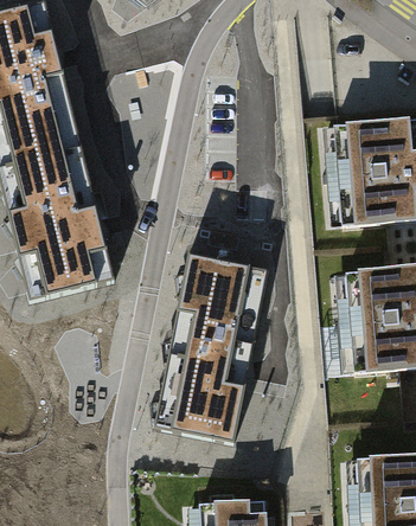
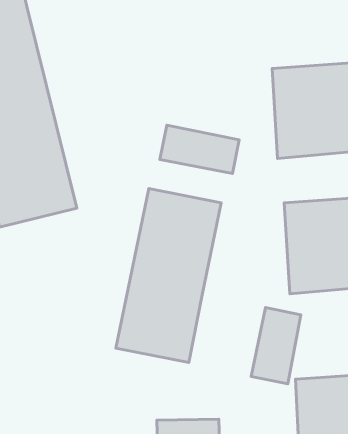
building: none -> [160,125,239,173]
building: none -> [251,308,301,384]

